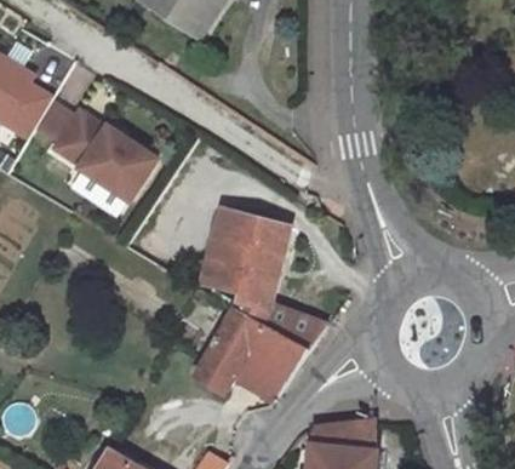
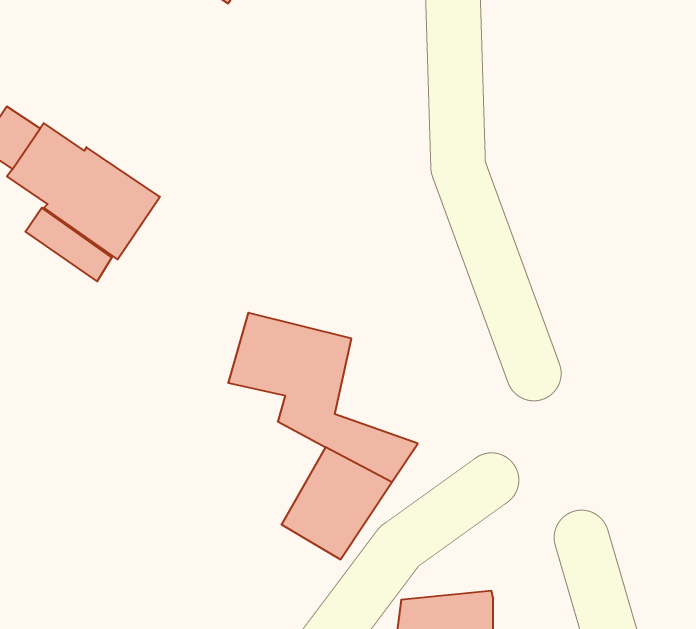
building: [213,207,287,253] -> none
building: [194,308,264,393] -> none

